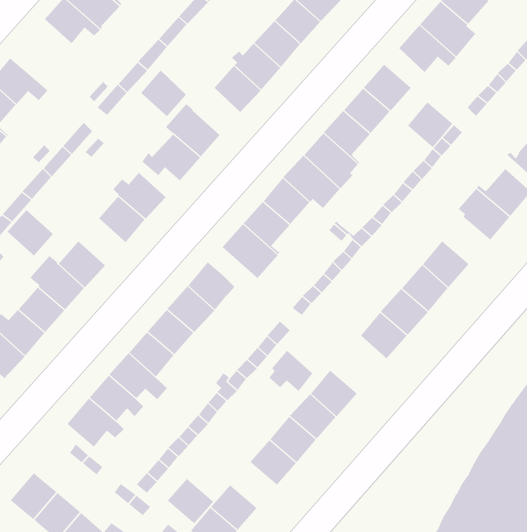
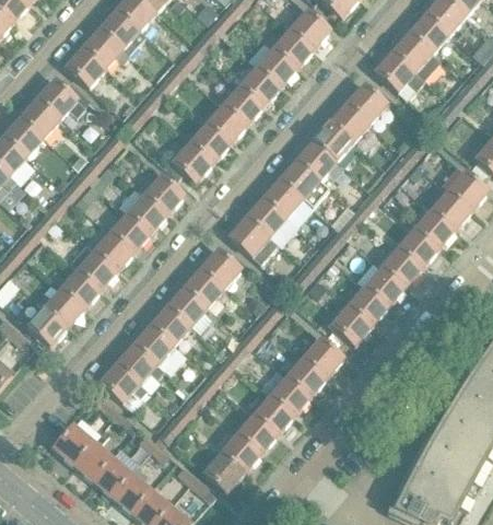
building: none -> [64,47,105,86]
building: [139,70,187,117] -> [206,104,245,143]
building: [407,101,453,148] -> none
building: [6,209,54,257] -> [110,212,150,252]
building: none -> [412,211,453,250]
building: [268,350,313,392] -> [329,310,366,345]
building: [167,478,214,524] -> [236,415,275,453]

